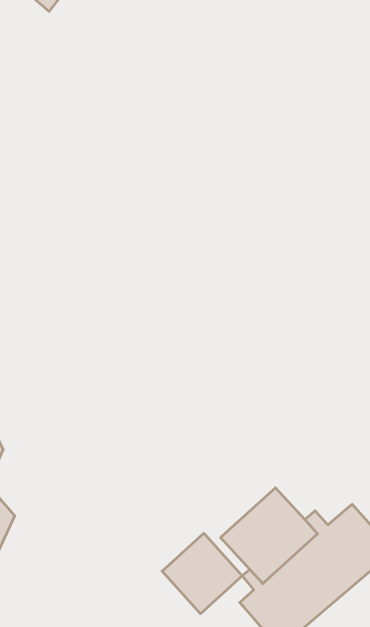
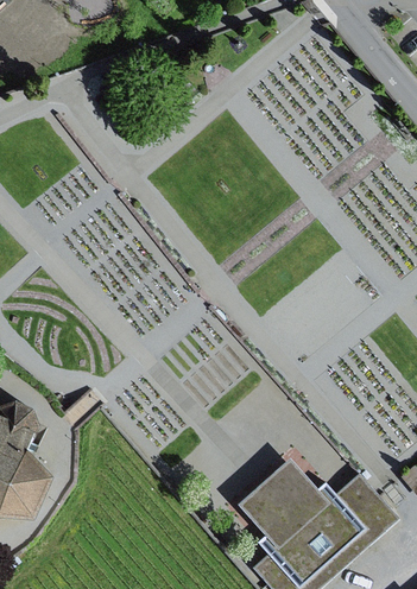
building: [162,533,242,614] -> none

